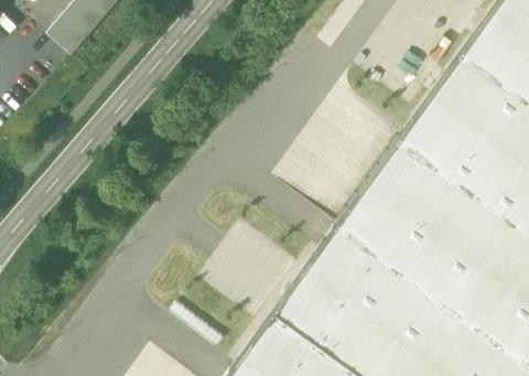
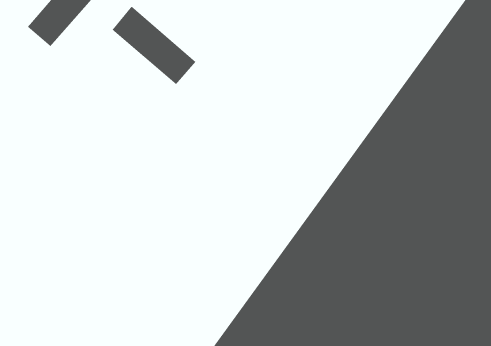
building: none -> [111,5,196,85]

